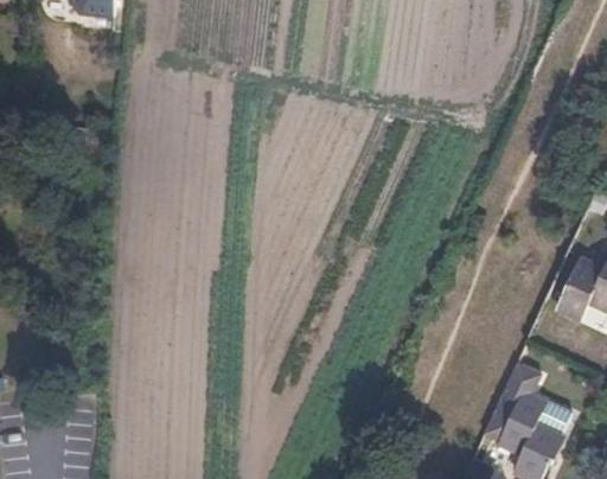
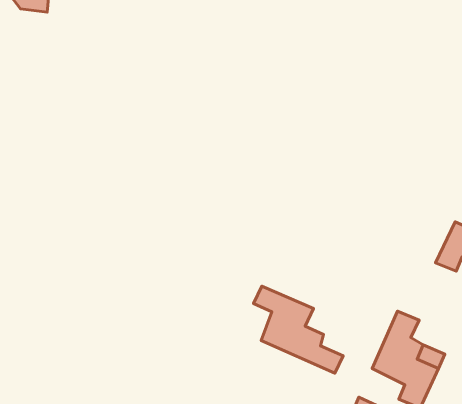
building: none -> [254,286,343,373]

